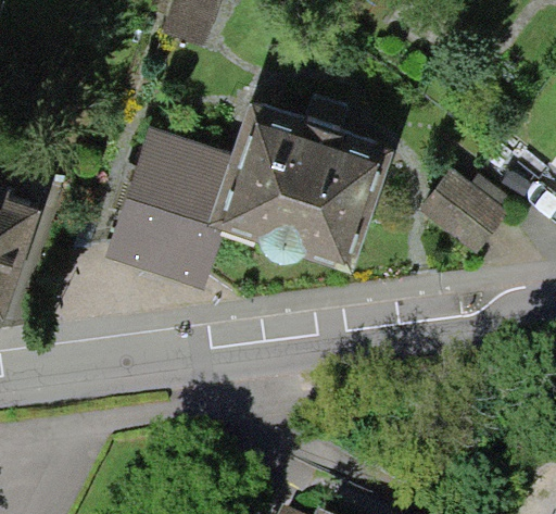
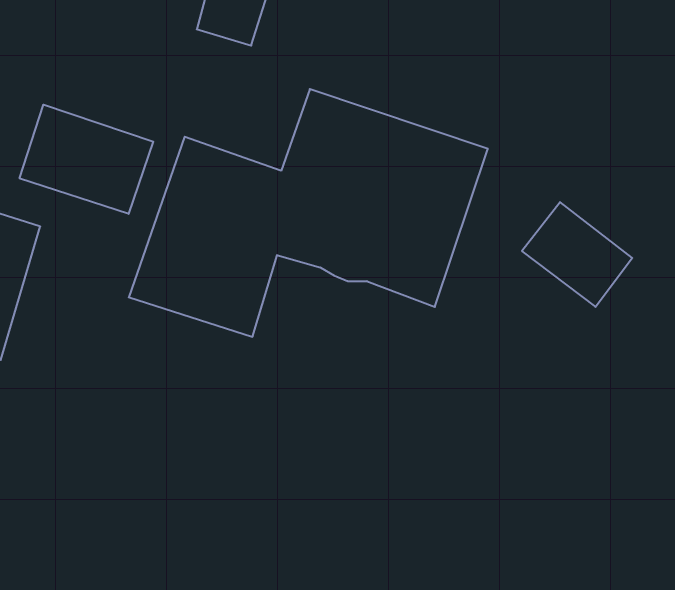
building: none -> [20,105,153,214]

